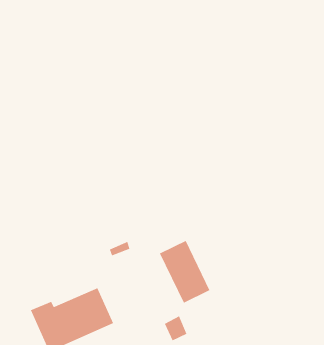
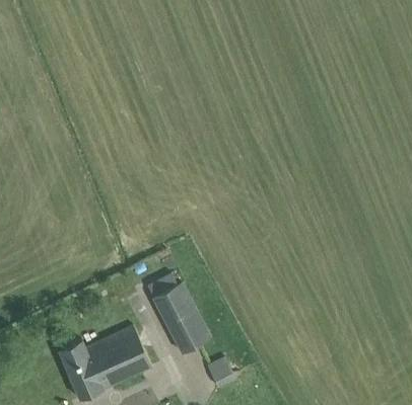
building: [159,240,211,304] -> [153,281,211,353]

